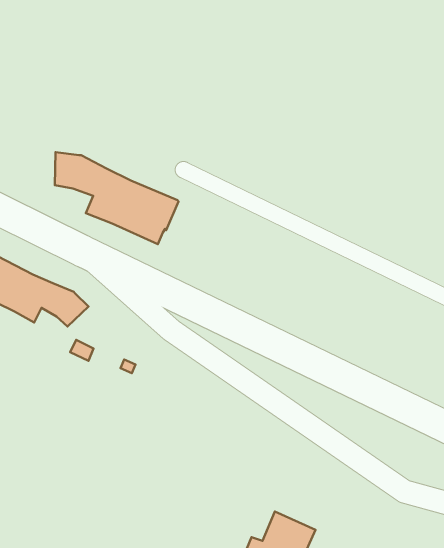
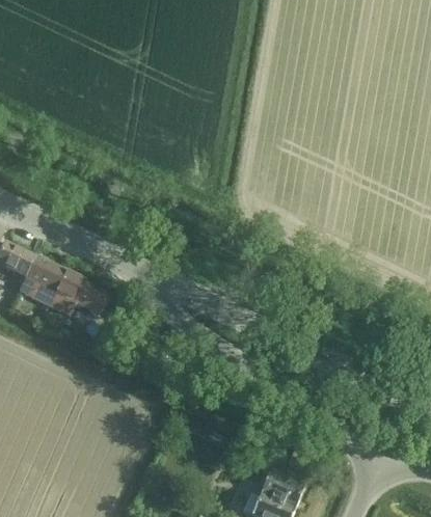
building: [55,152,179,244] -> none

